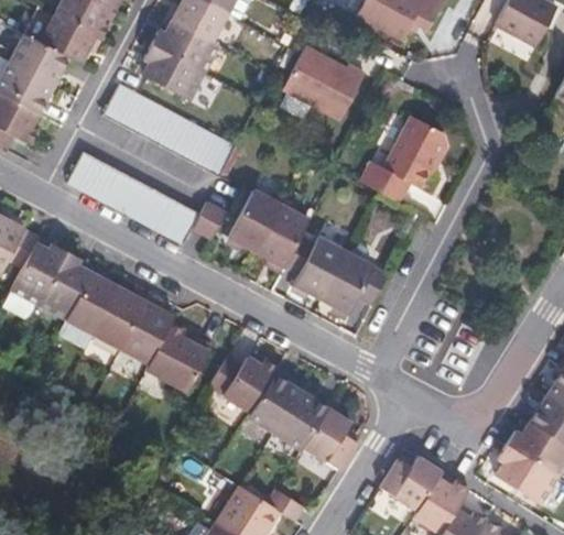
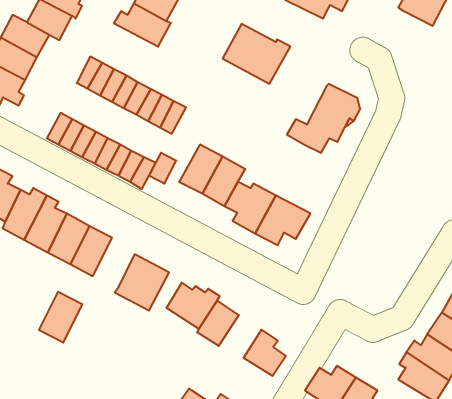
building: [142,43,203,98] -> none
building: [123,304,176,365] -> [39,292,82,343]
building: [276,397,328,454] -> none

